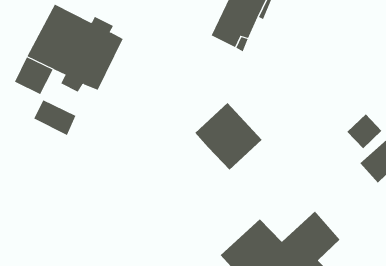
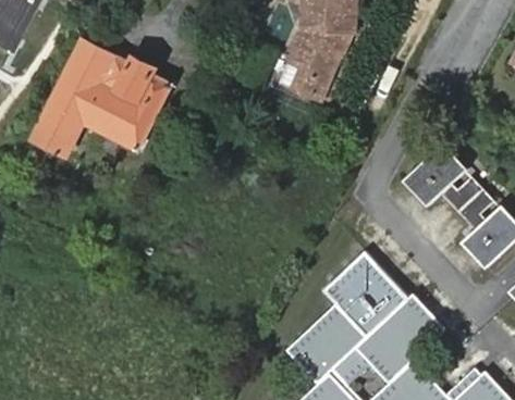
building: none -> [406,143,466,202]
building: [34,99,76,136] -> none
building: [194,102,263,170] -> [322,251,407,336]

